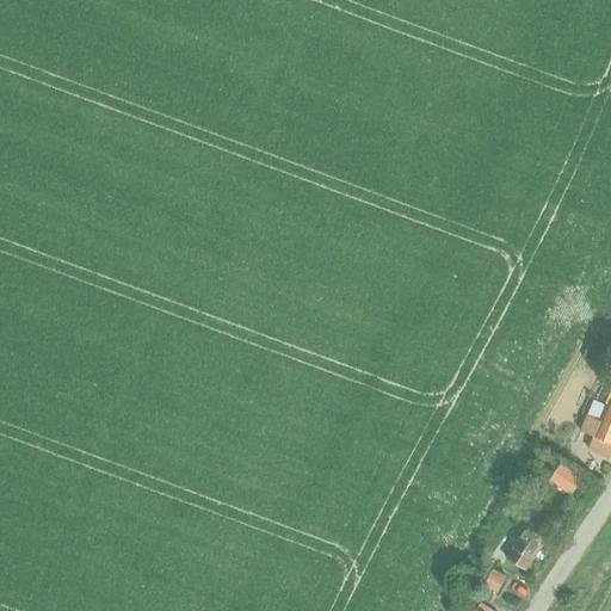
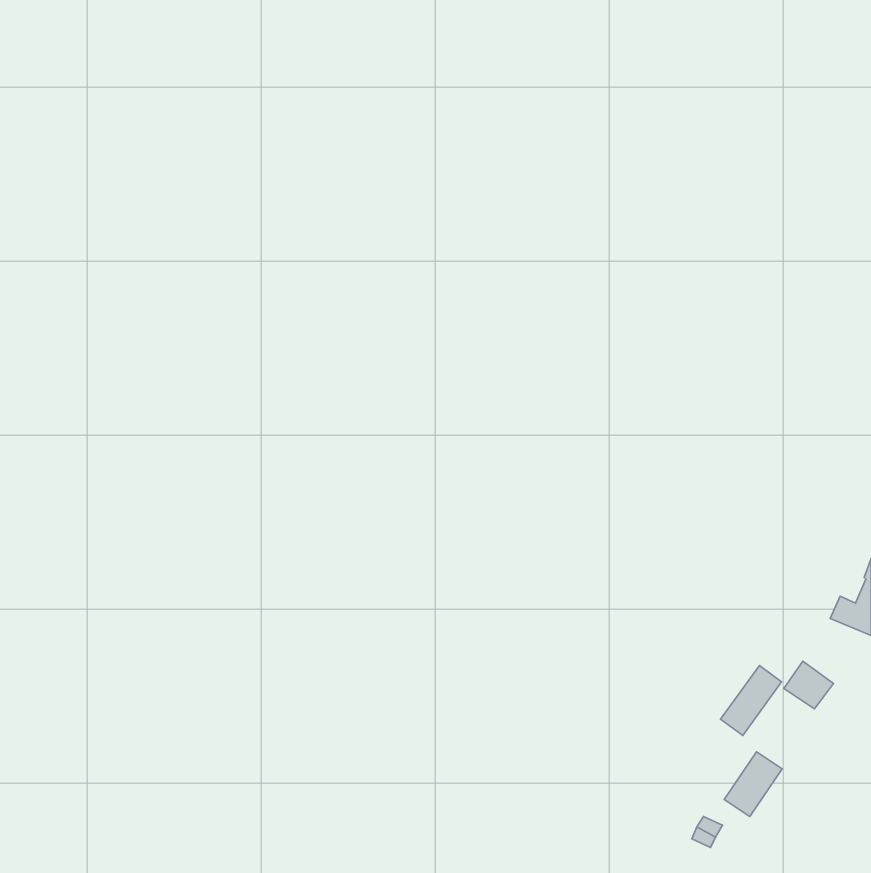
building: none -> [721,665,782,736]

